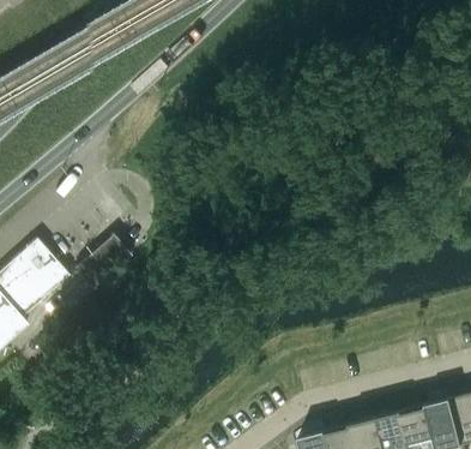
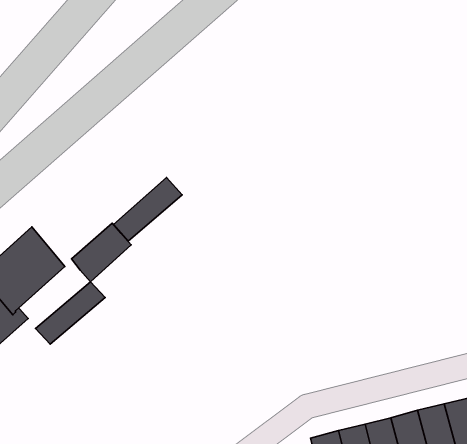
building: none -> [113,178,182,241]
building: none -> [35,282,105,344]

